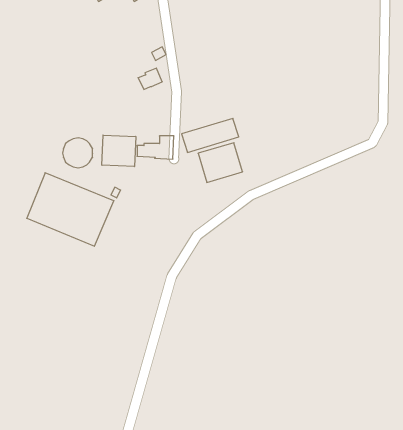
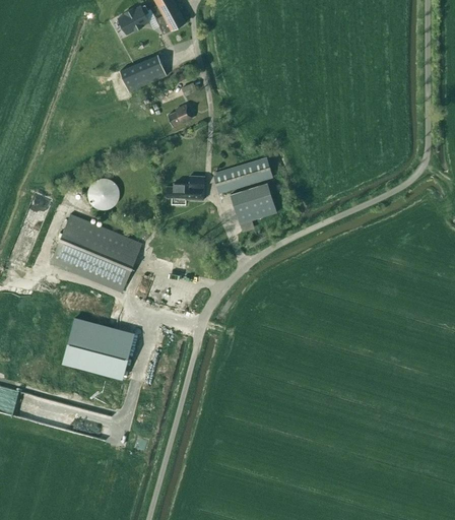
building: none -> [120,54,167,91]
building: [102,135,136,167] -> none
building: none -> [62,319,133,377]

